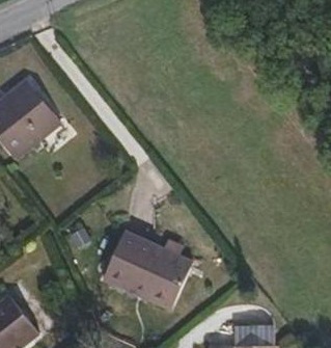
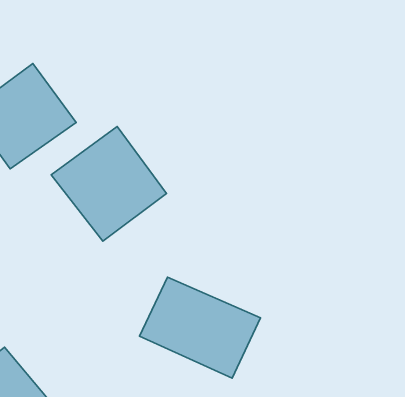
building: none -> [51,126,167,241]

